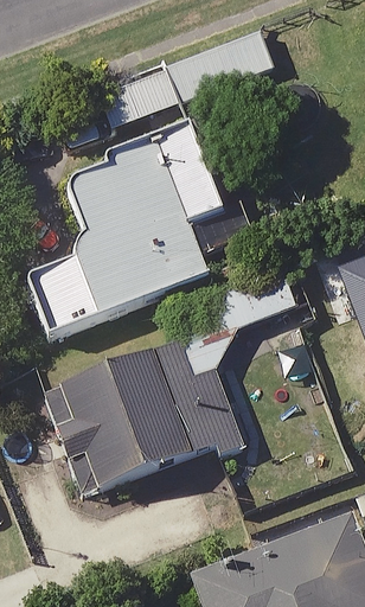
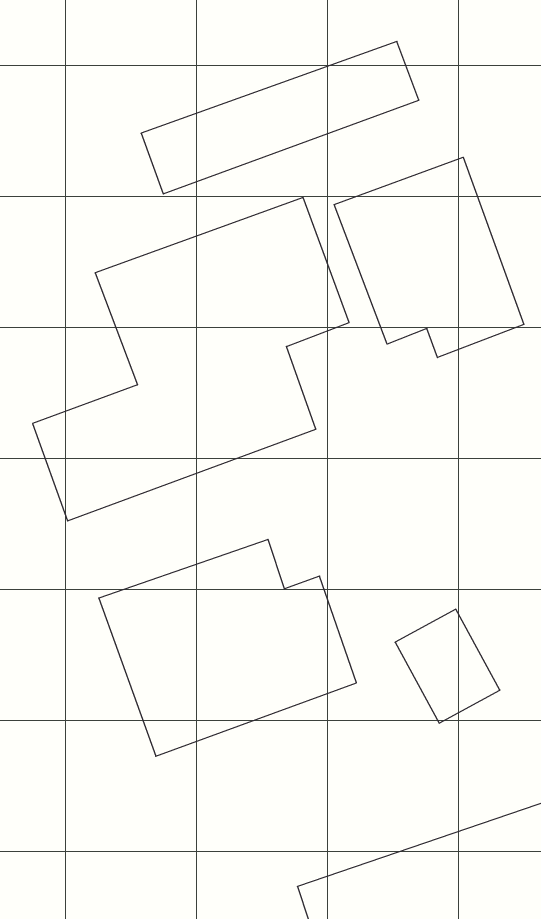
building: none -> [334,157,524,358]

